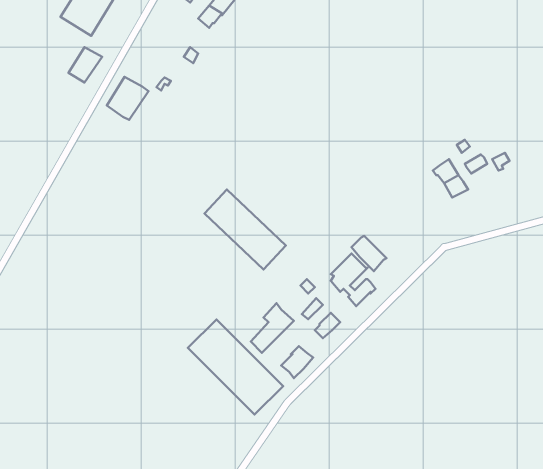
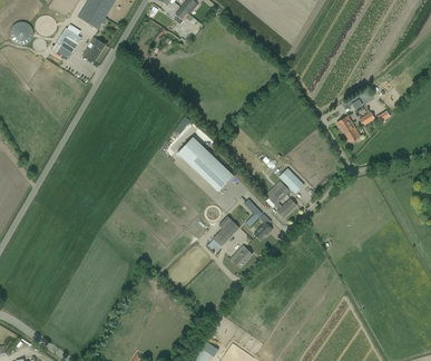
building: [107,77,148,120] -> [52,28,81,58]
building: [188,319,283,415] -> none

